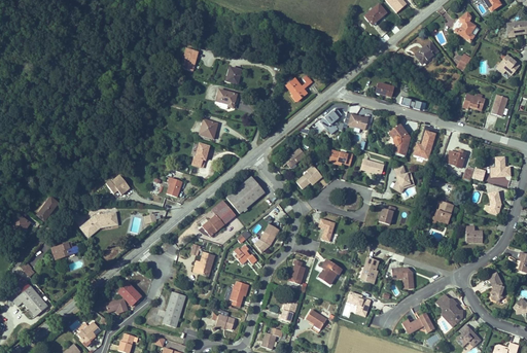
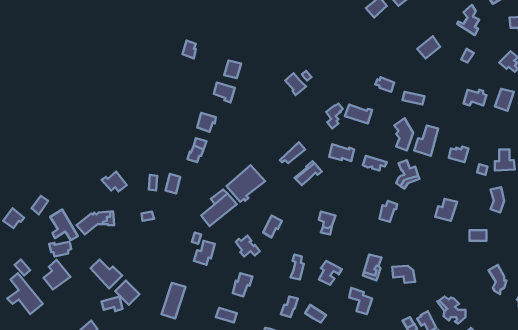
building: none -> [50,210,78,240]
building: none -> [90,260,122,288]
building: none -> [44,260,70,290]

